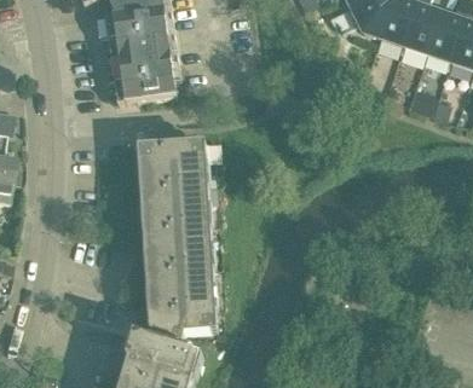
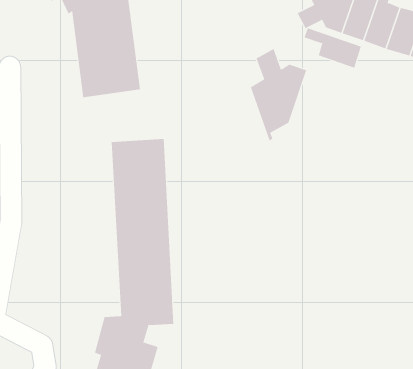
building: none -> [304,28,362,68]
building: none -> [250,48,307,142]

